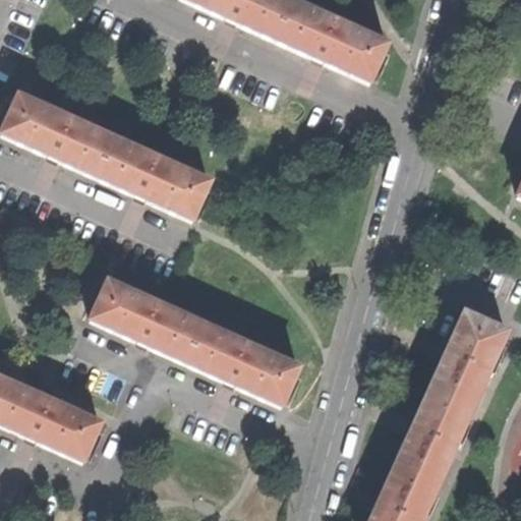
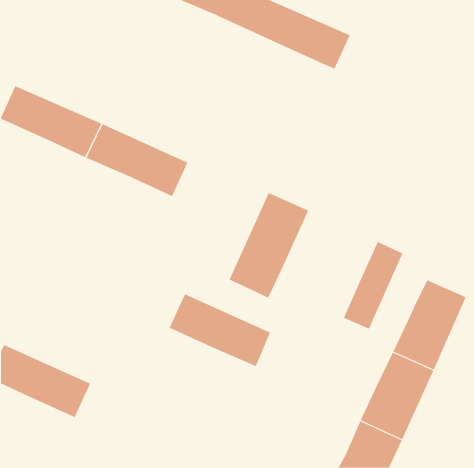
building: none -> [229,192,309,298]
building: none -> [343,241,403,330]
building: [90,279,202,359] -> none

